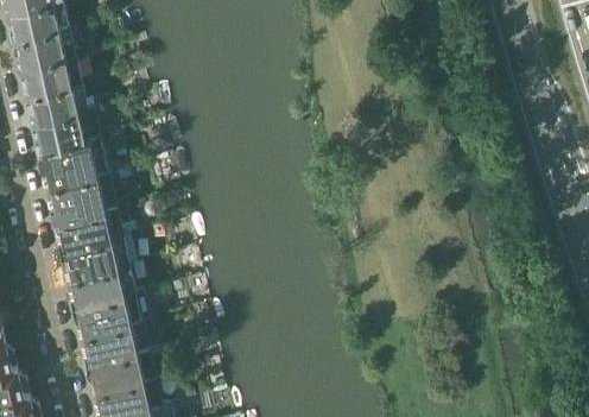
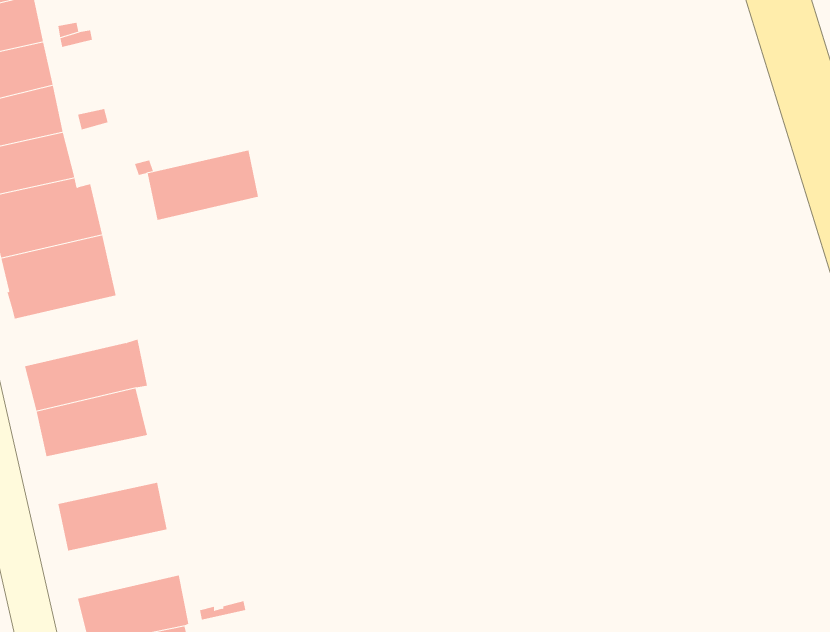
building: [52,201,120,244] -> [147,150,259,220]
building: [71,285,139,327] -> none
building: [84,337,165,384] -> none

